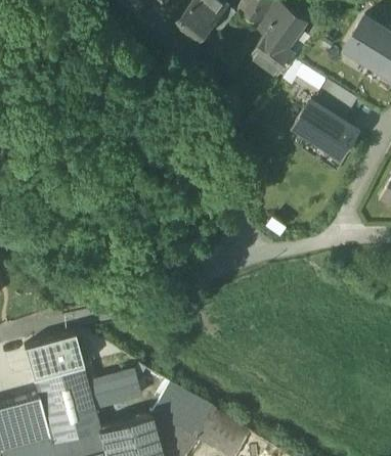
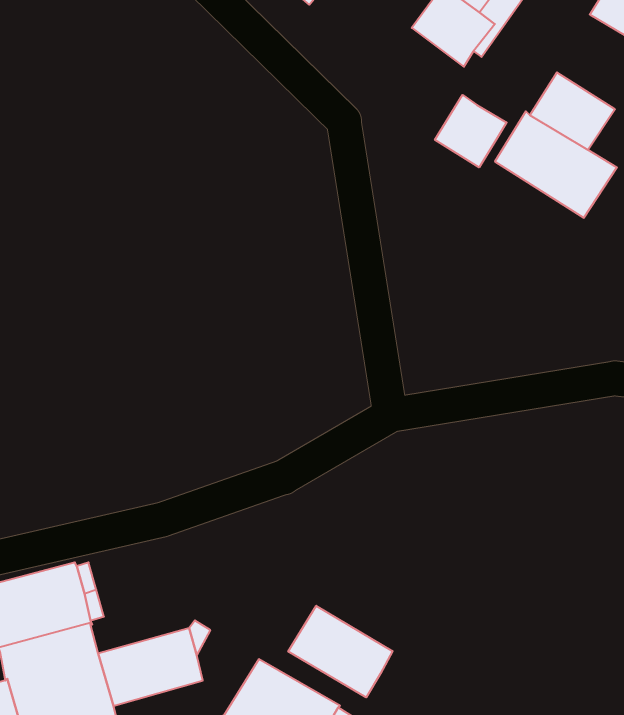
building: none -> [435,95,507,167]
building: none -> [288,606,393,697]

